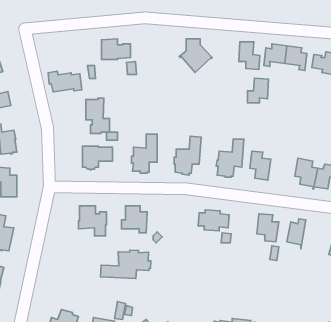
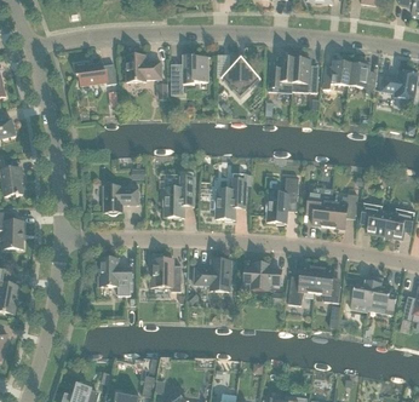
building: none -> [170,54,212,94]
building: [48,71,82,92] -> [74,59,115,85]
building: [247,78,268,103] -> [268,57,293,87]
building: [86,98,109,134] -> none
building: none -> [327,194,357,228]
building: none -> [193,259,230,291]
building: none -> [287,265,316,304]
building: none -> [367,275,396,310]
building: [101,250,151,279] -> none

